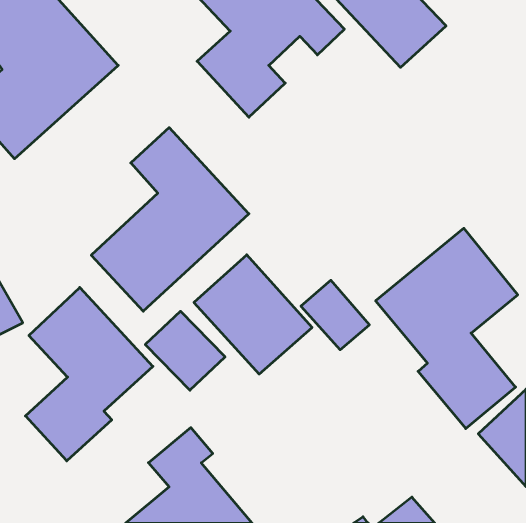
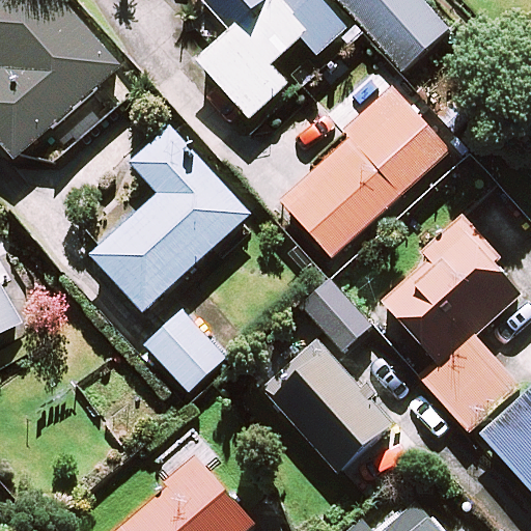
building: none -> [279,85,451,255]
building: [194,255,312,374] -> [272,352,390,471]
building: [25,287,153,461] -> none

